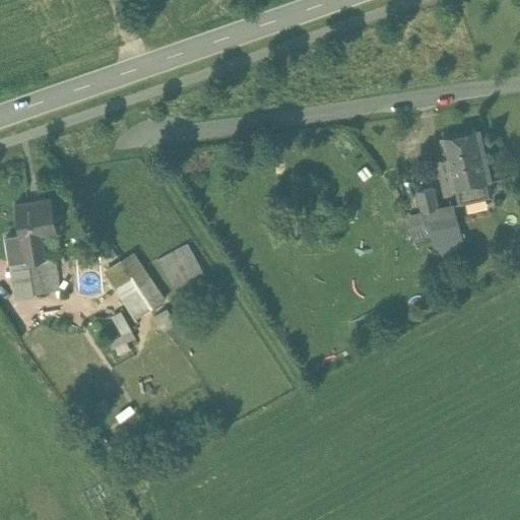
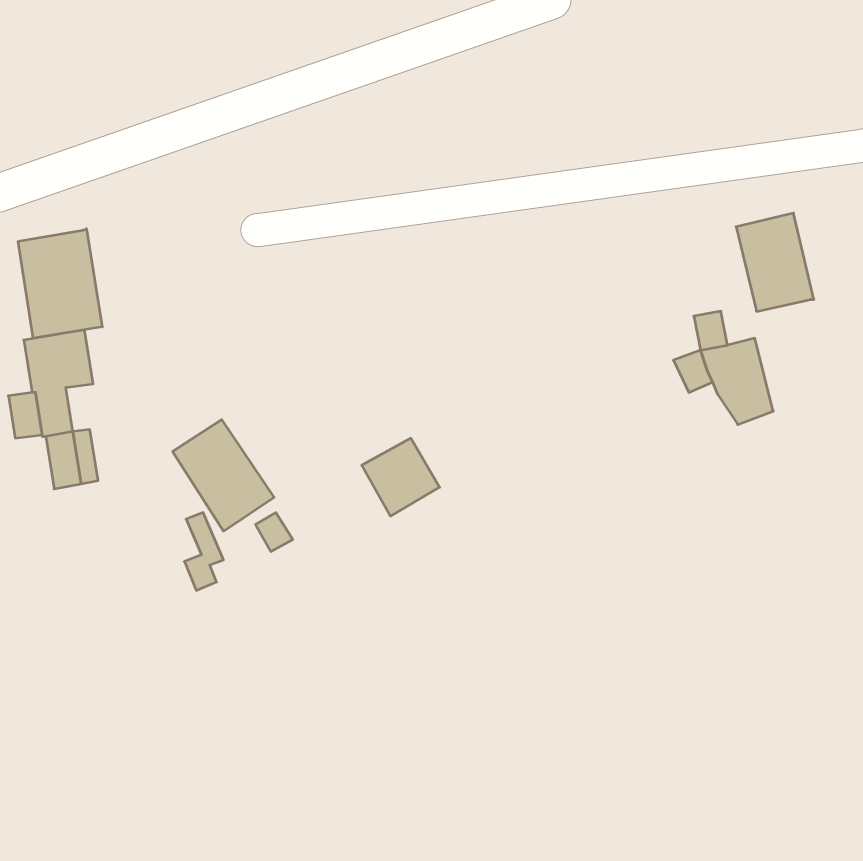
building: none -> [18,229,102,338]
building: [455,182,491,204] -> none
building: [157,246,204,292] -> [362,438,440,516]
building: [9,263,34,301] -> none

